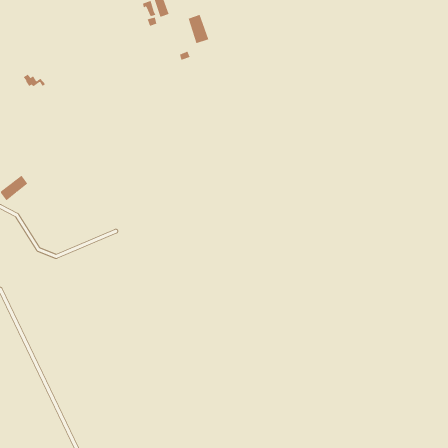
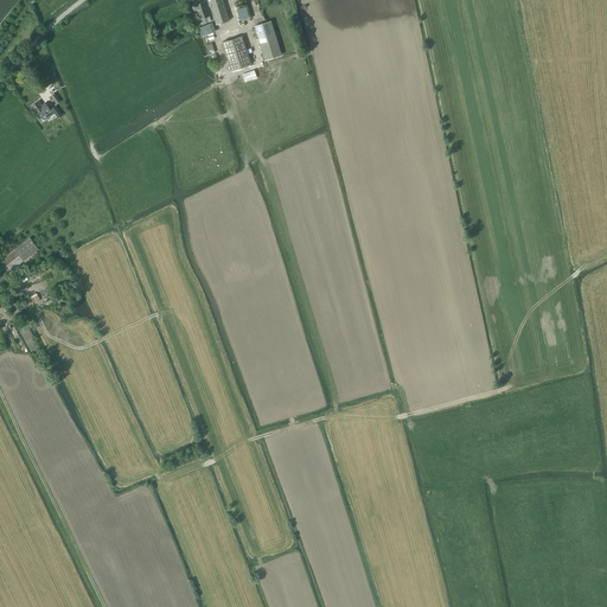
building: none -> [223,36,253,70]

